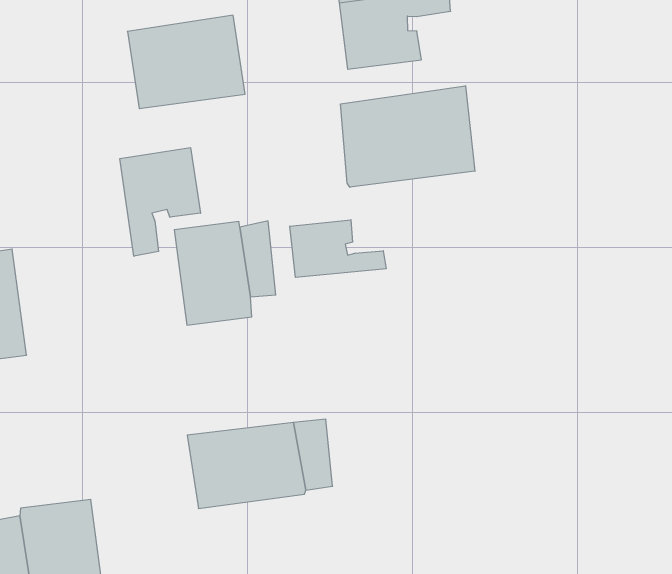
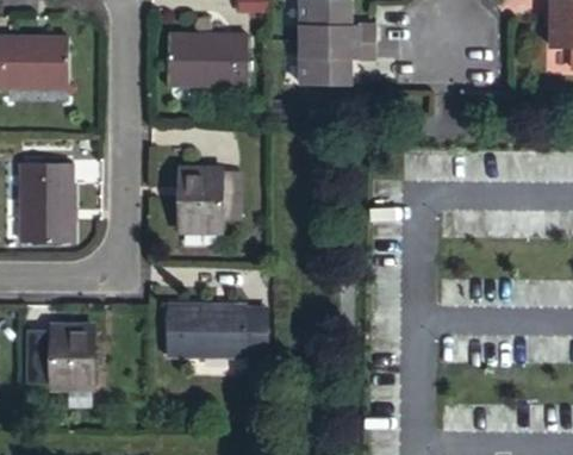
building: [341,86,475,187] -> none
building: [120,148,201,256] -> none
building: [290,220,386,277] -> none

